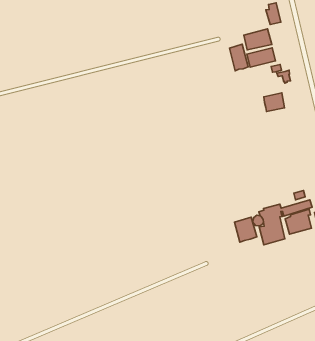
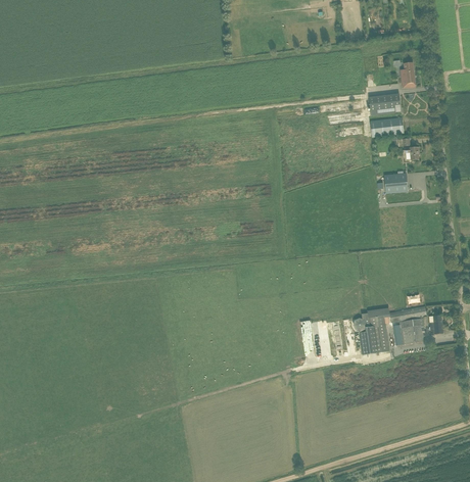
building: [230,44,248,71] -> none
building: [234,217,257,242] -> none

